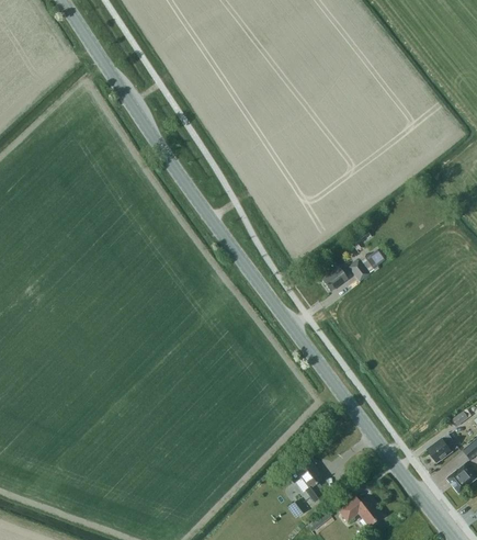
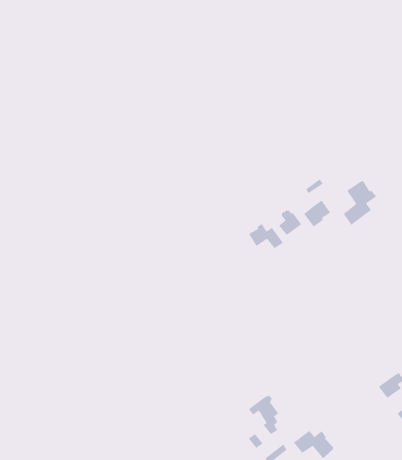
building: none -> [343,180,377,226]
building: none -> [249,223,284,249]

